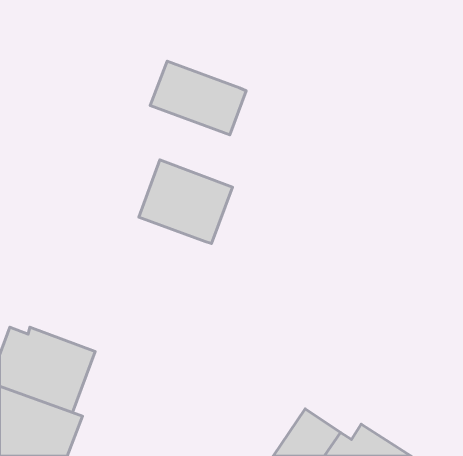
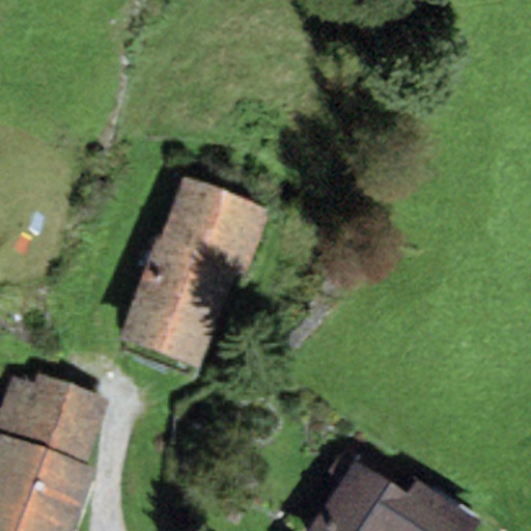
building: [150,61,246,135] -> none
building: none -> [115,247,234,379]

